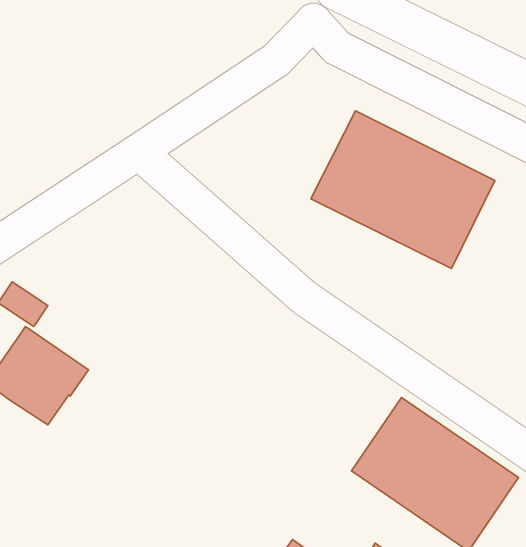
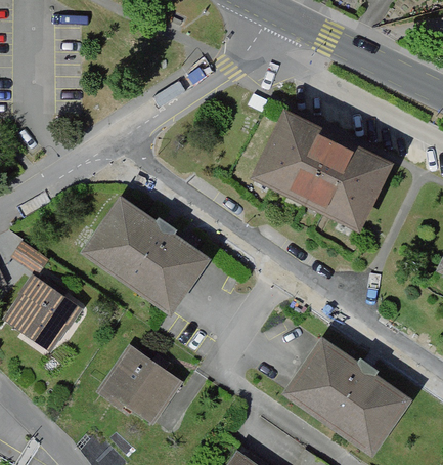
building: none -> [79,200,211,320]
building: none -> [100,343,182,421]

